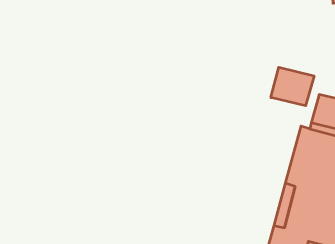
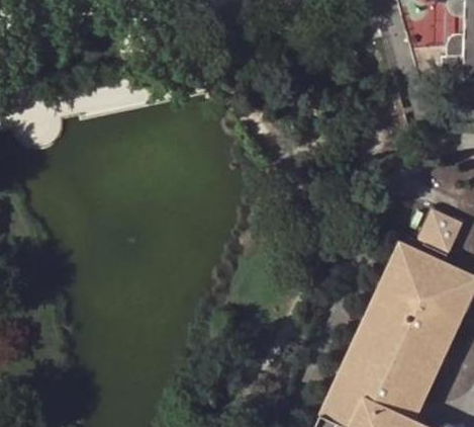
building: [271,67,314,106] -> none

